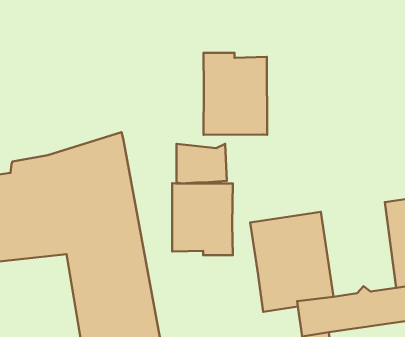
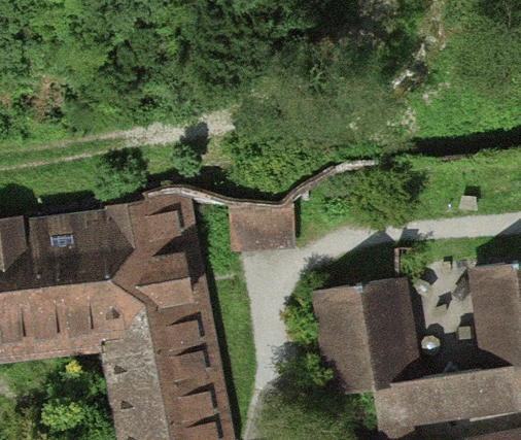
building: [203,53,267,135] -> none
building: [172,183,233,255] -> none

